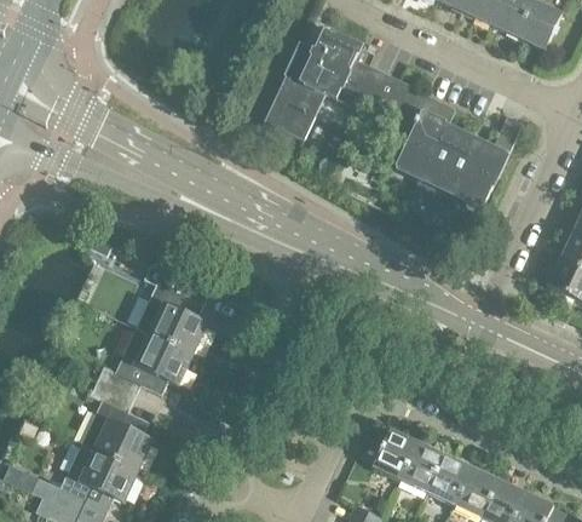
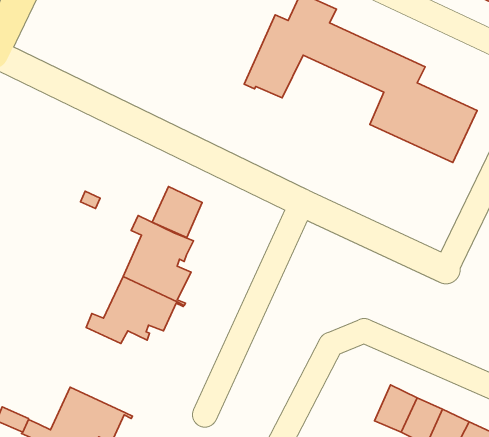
building: none -> [152,186,202,237]
building: [81,380,152,474] -> none
building: [374,429,417,478] -> none

